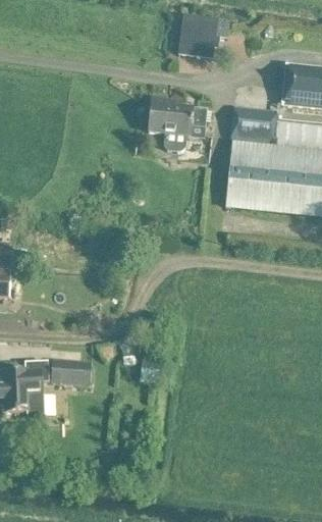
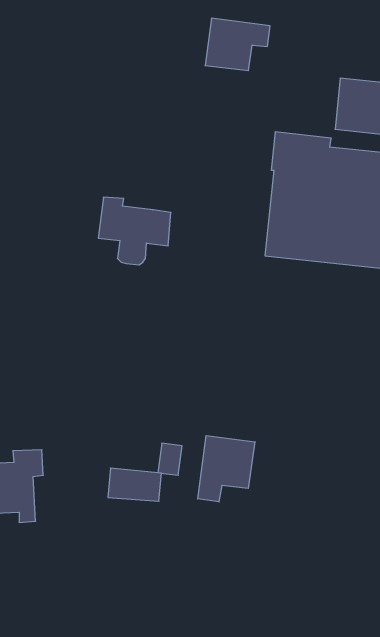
building: [148,98,206,152] -> [98,197,171,265]
building: none -> [198,436,255,502]
building: [48,359,91,385] -> [108,468,161,501]

